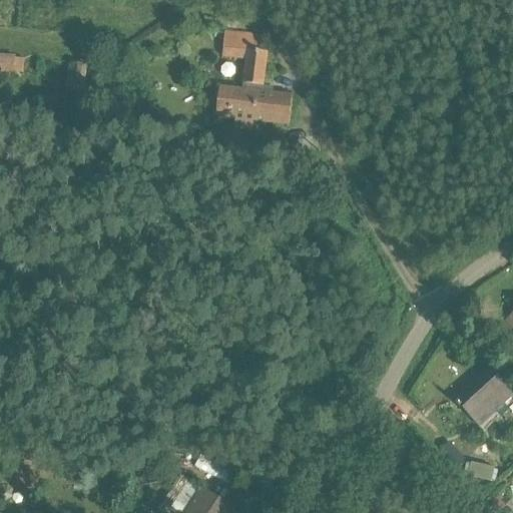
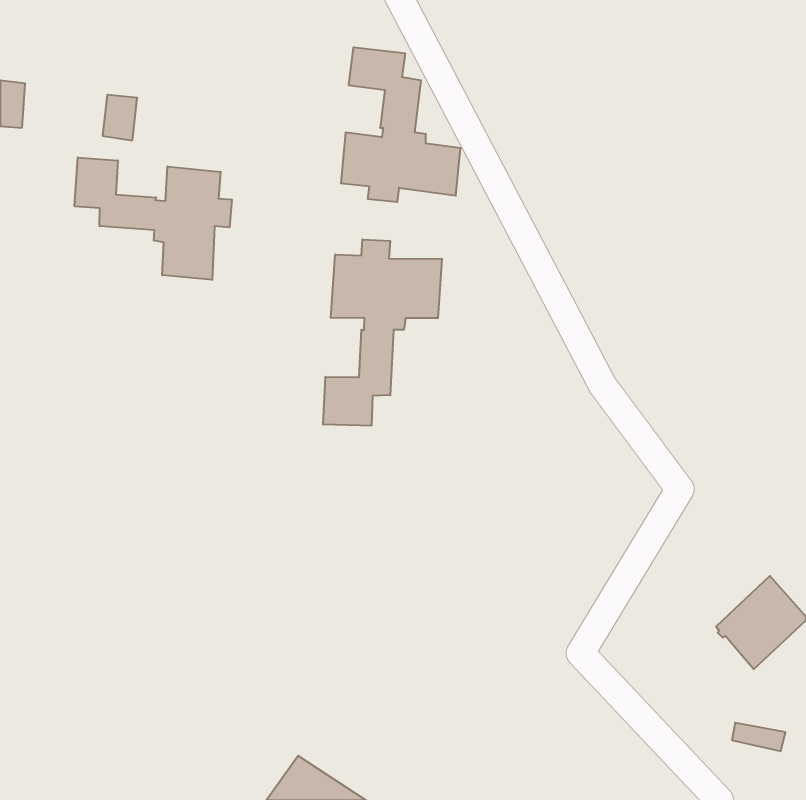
building: none -> [75,157,232,280]
building: none -> [323,239,442,426]

